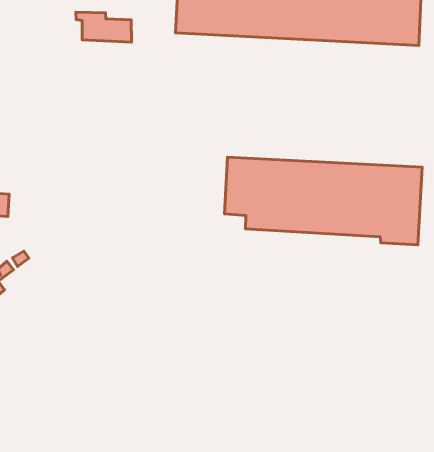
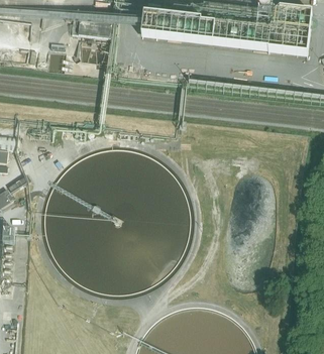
building: [225,157,422,245] -> none

